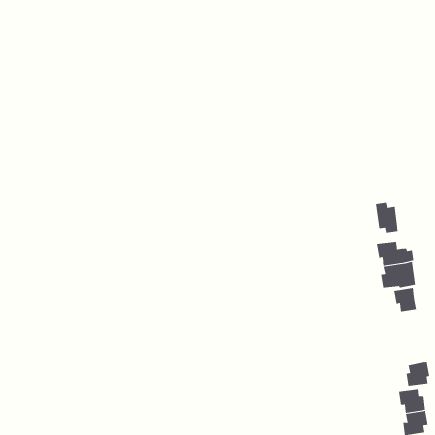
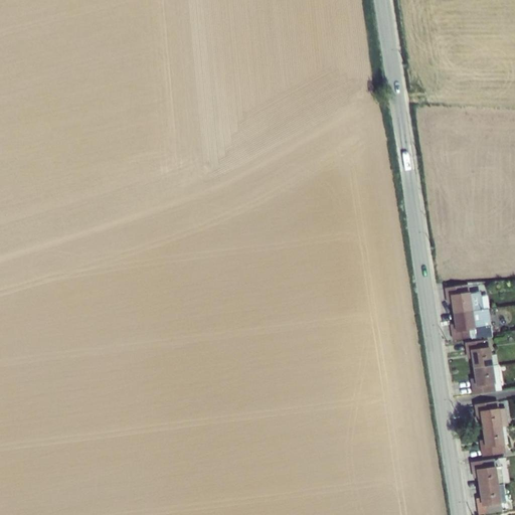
building: [375,202,398,234] -> none
building: none -> [471,365,502,395]
building: none -> [474,401,508,432]

